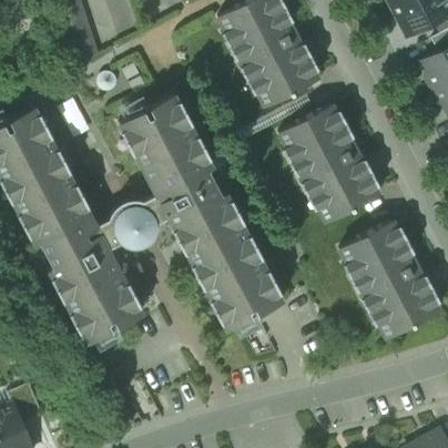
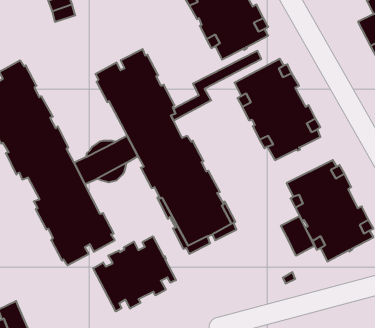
building: none -> [281,216,314,256]
building: none -> [93,236,176,311]

